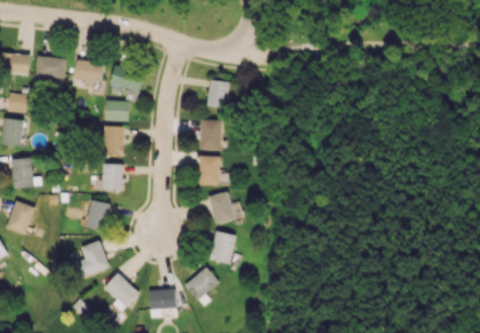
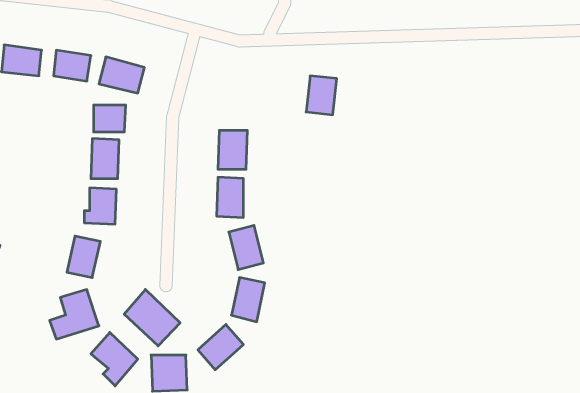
building: [207,79,230,108] -> [306,76,337,115]
building: none -> [124,289,180,346]

